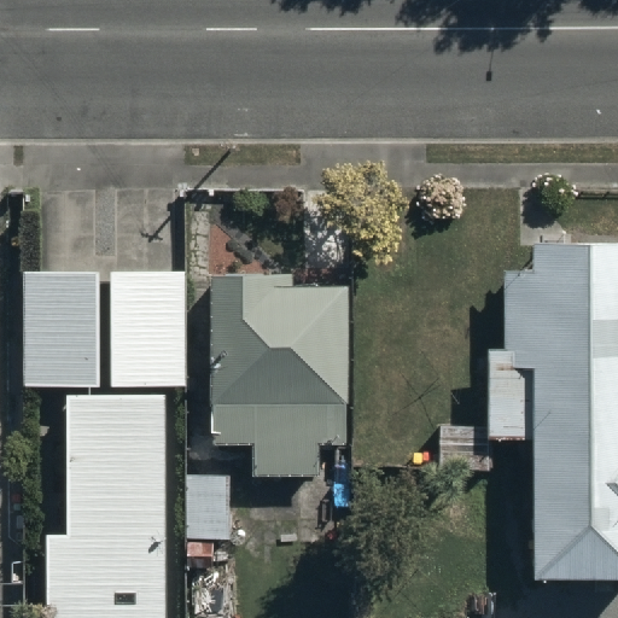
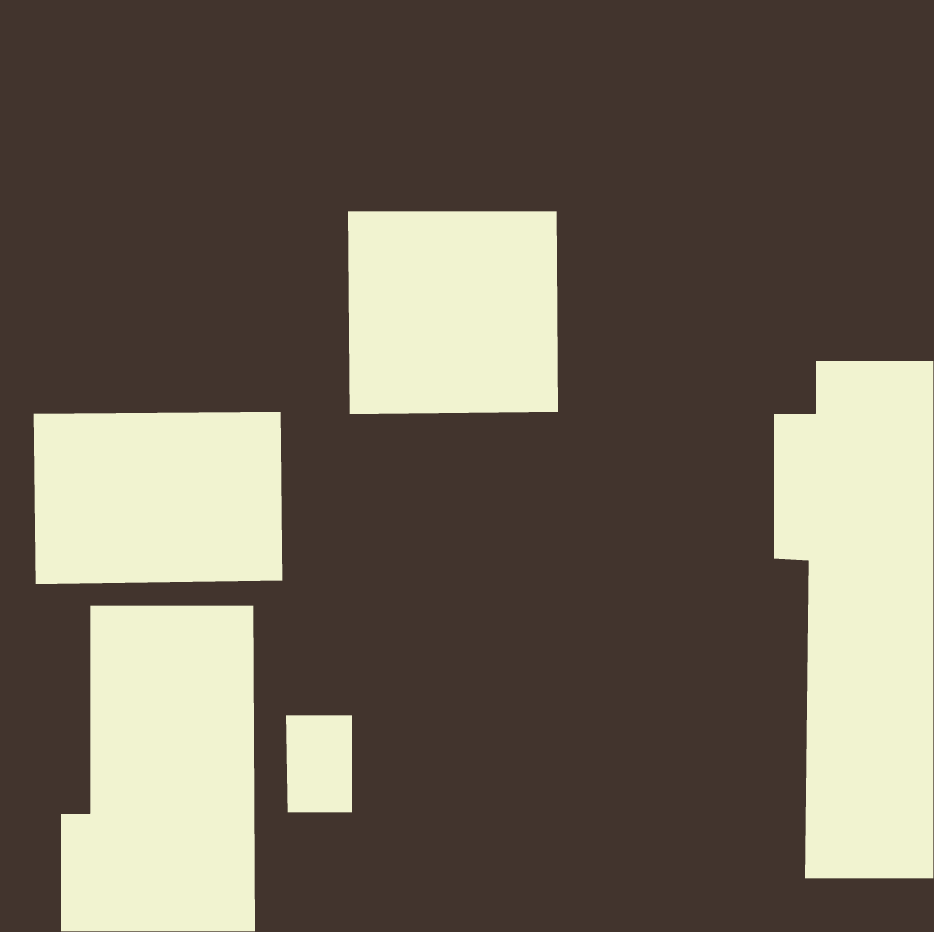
building: none -> [347,210,559,415]
building: [212,278,350,479] -> none

